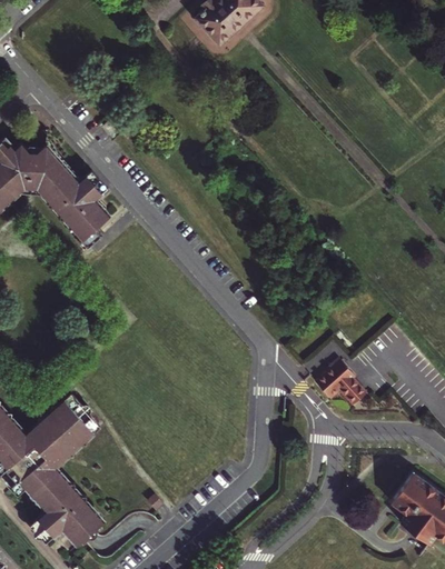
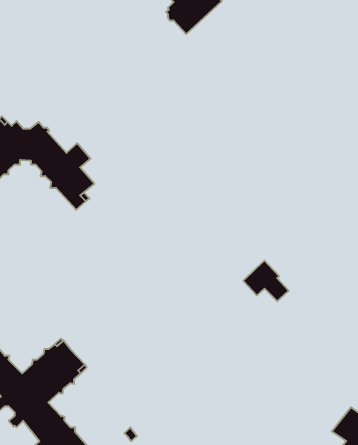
building: [312,359,364,406] -> [243,261,289,301]

